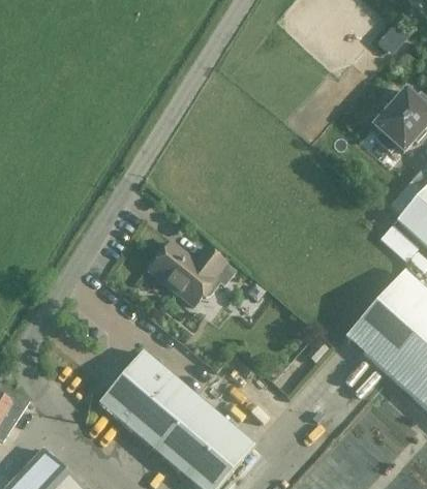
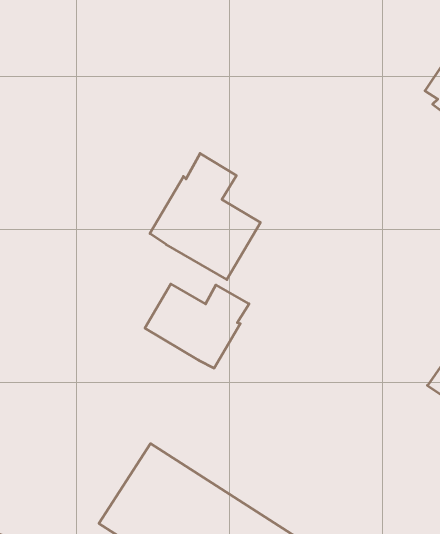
building: none -> [150,153,260,280]

